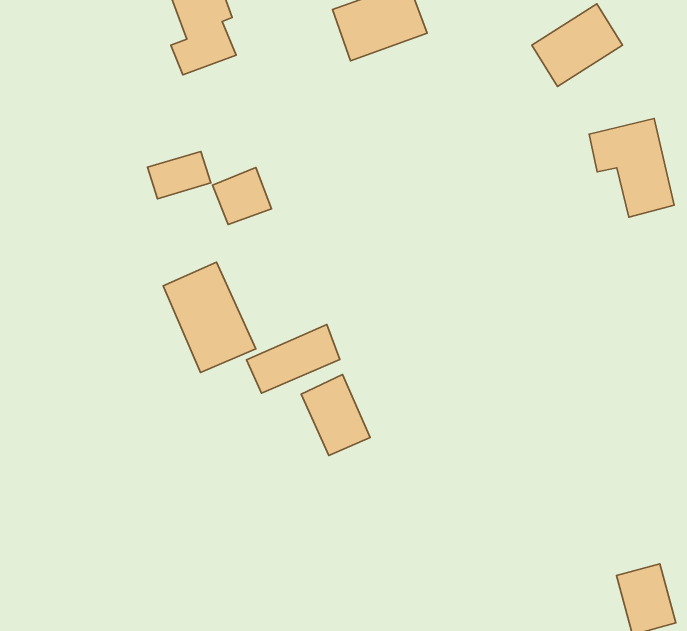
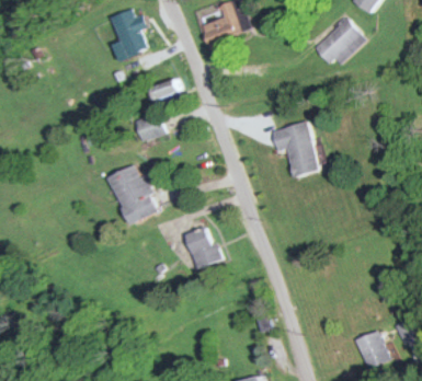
building: [589,119,674,217] -> [270,122,317,176]
building: [148,151,211,199] -> [146,78,181,104]
building: [246,325,340,393] -> none

